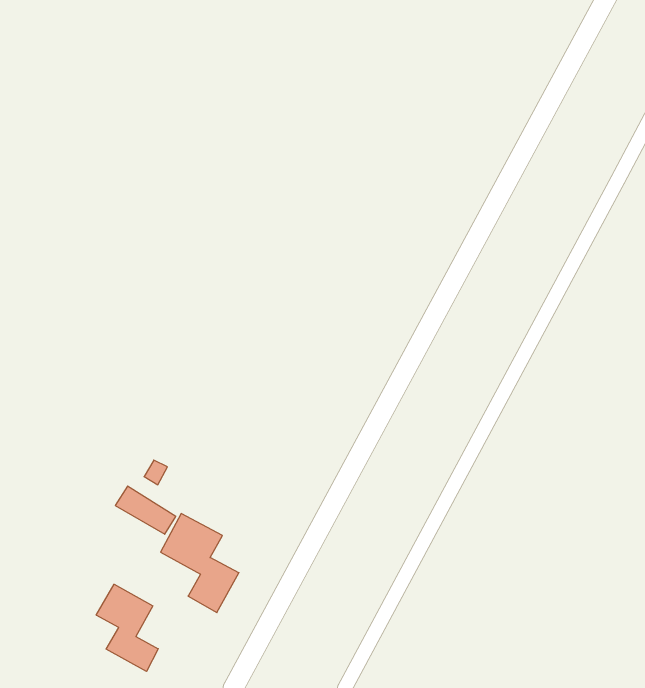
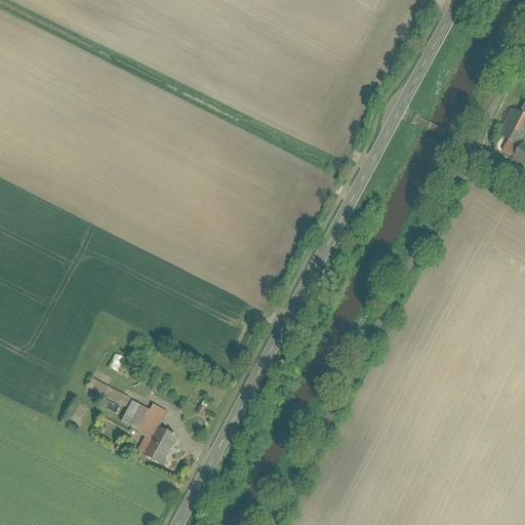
building: [96,584,158,671] -> none

